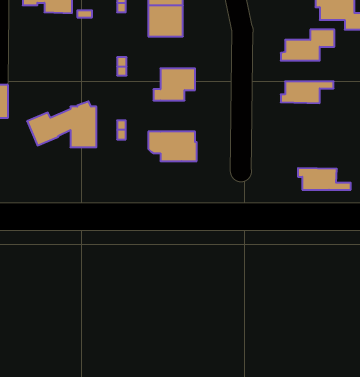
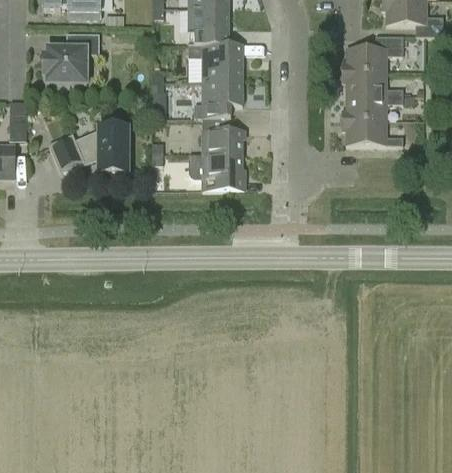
building: none -> [42,32,99,87]
building: none -> [188,44,242,81]
building: none -> [341,72,402,96]
building: none -> [202,118,242,154]
building: [298,168,351,190] -> [341,120,402,145]

